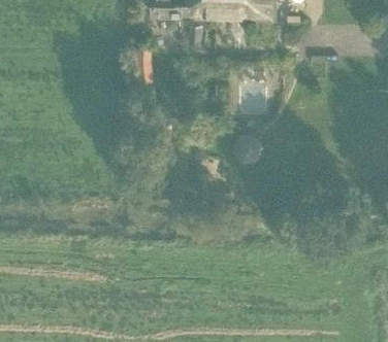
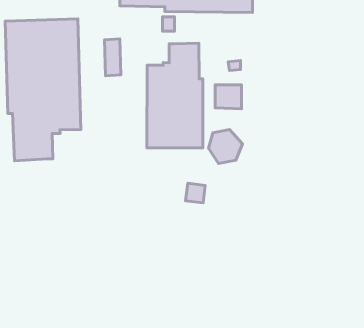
building: none -> [5,19,81,161]
building: none -> [147,43,203,148]

